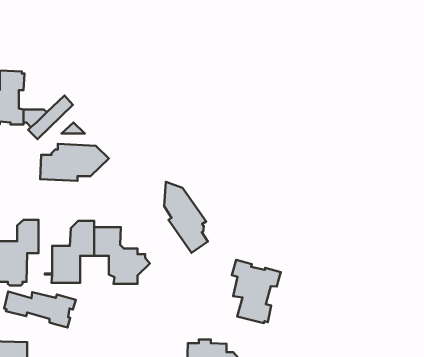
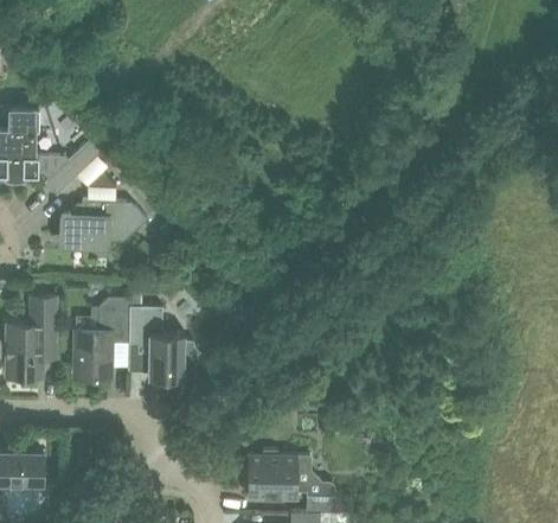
building: [164,182,208,253] -> none
building: [232,260,281,323] -> none
building: [4,291,76,328] -> none

